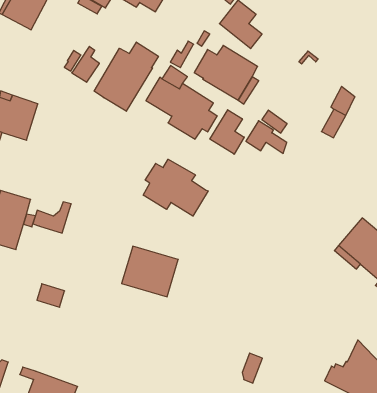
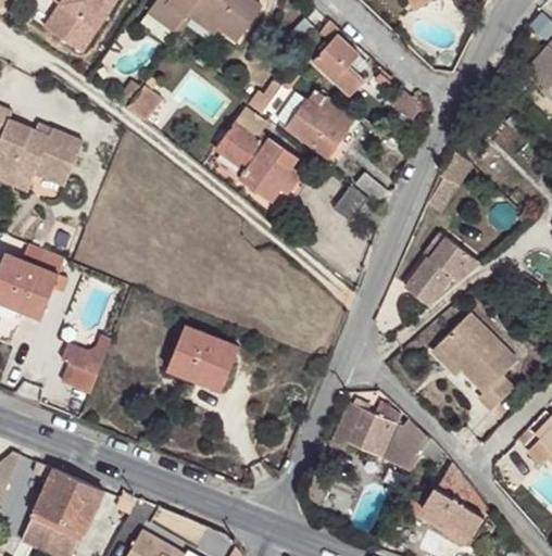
building: [94,42,158,111] -> none
building: [210,110,244,154] -> none
building: none -> [404,237,478,305]
building: [143,159,208,216] -> none
building: [33,202,71,233] -> [62,336,111,374]
building: none -> [331,399,429,471]

